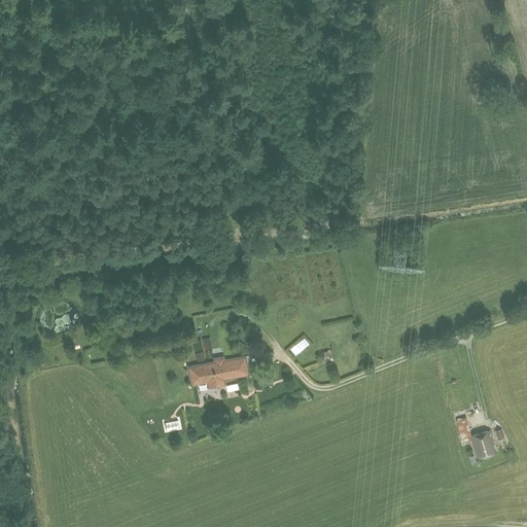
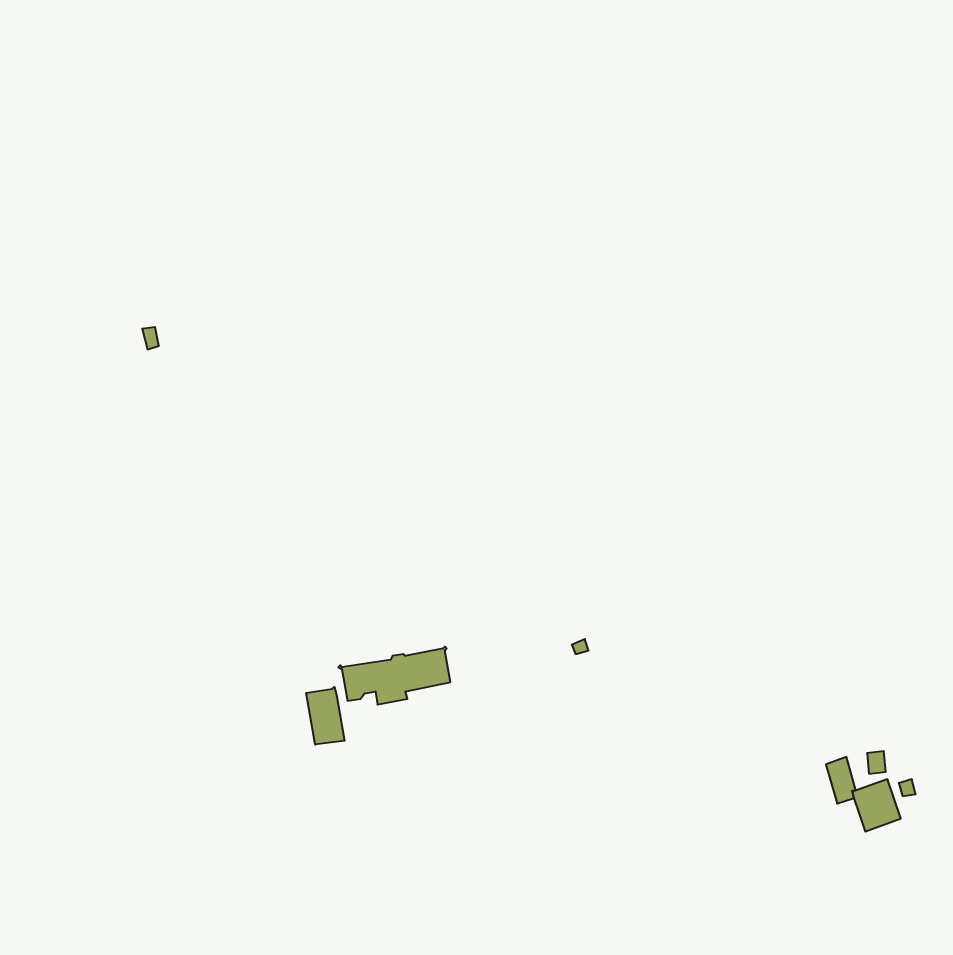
building: none -> [306,687,345,745]

